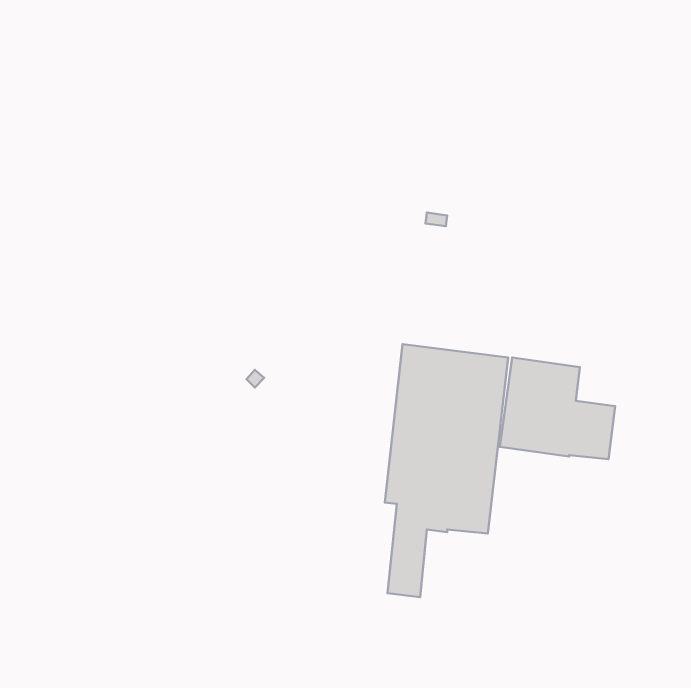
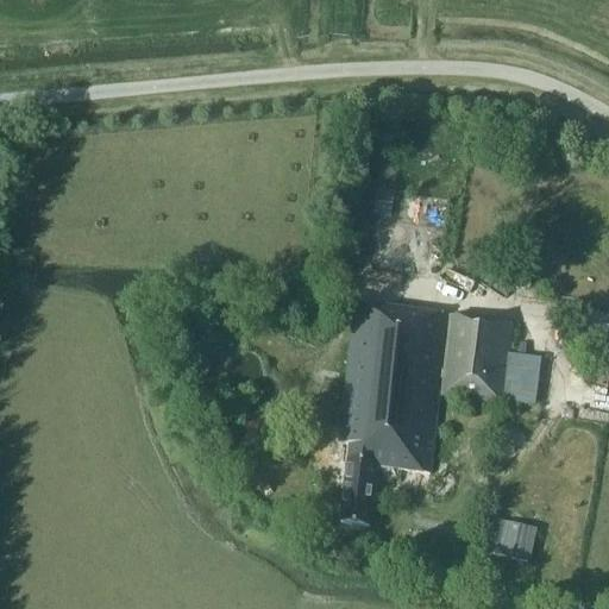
building: none -> [497,521,534,560]

